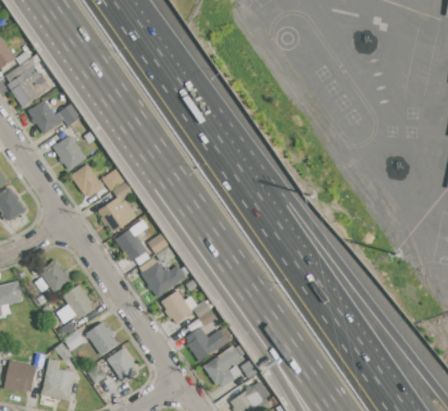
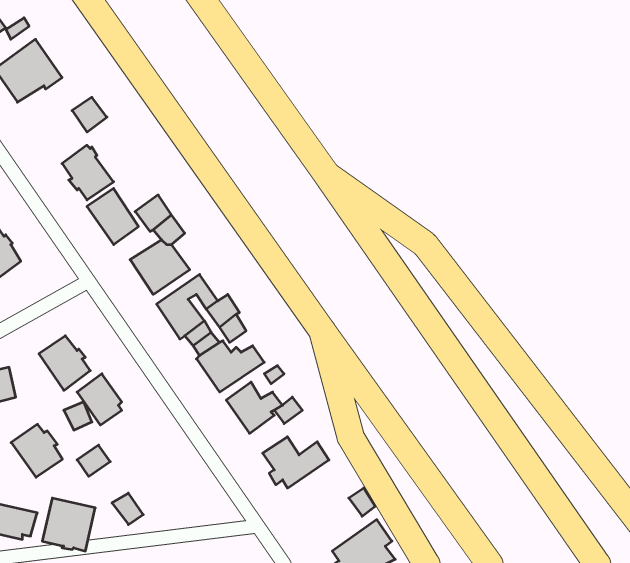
building: [27,99,61,134] -> none
building: [85,322,119,357] -> [11,424,62,477]
building: [203,346,241,389] -> none
building: [105,347,137,384] -> none

